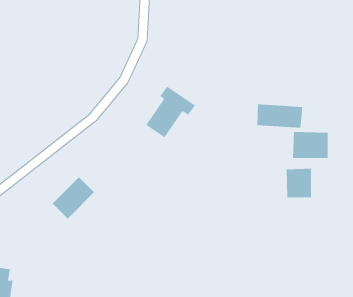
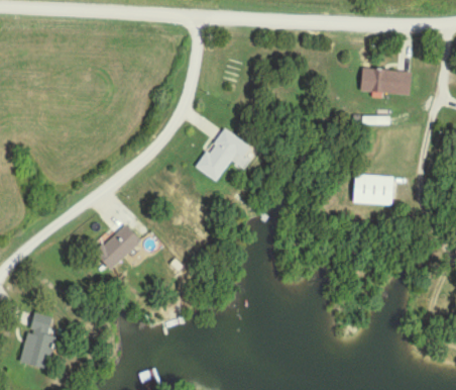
building: [256,104,303,128] -> [361,68,412,94]
building: [286,168,311,198] -> none

